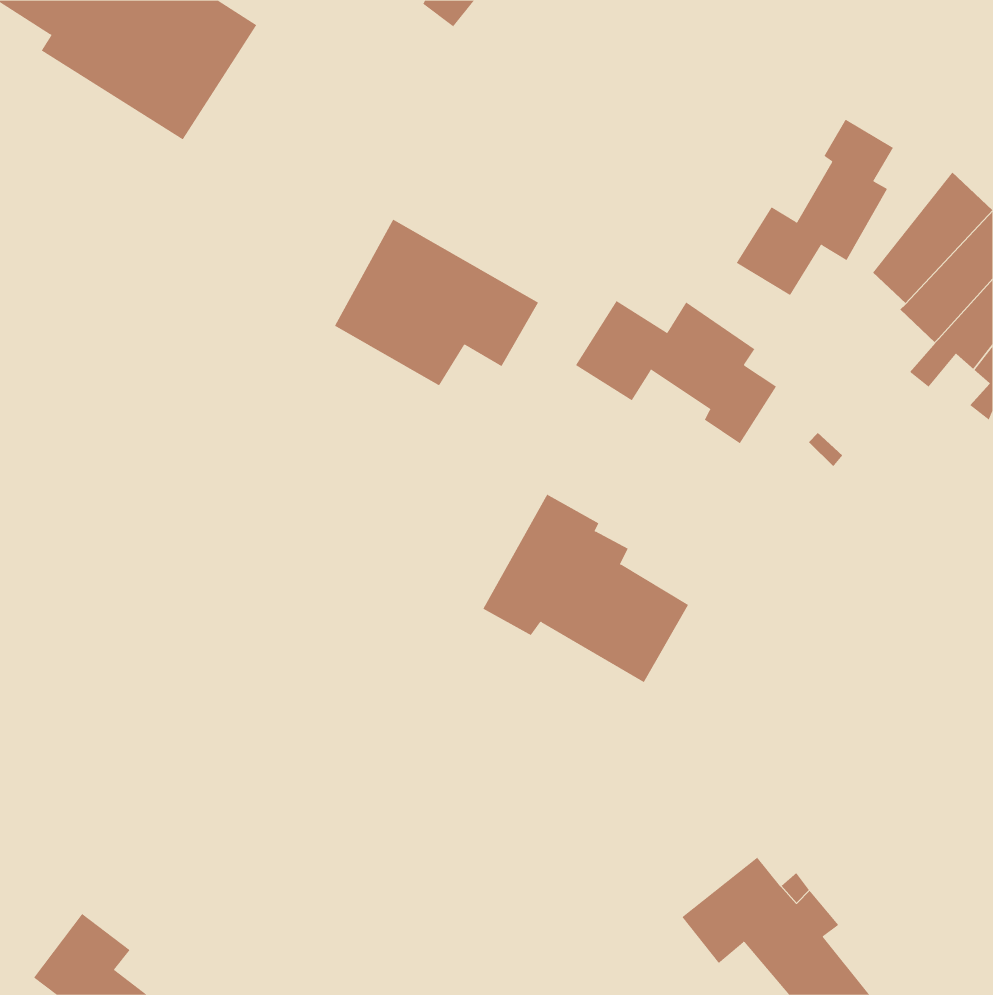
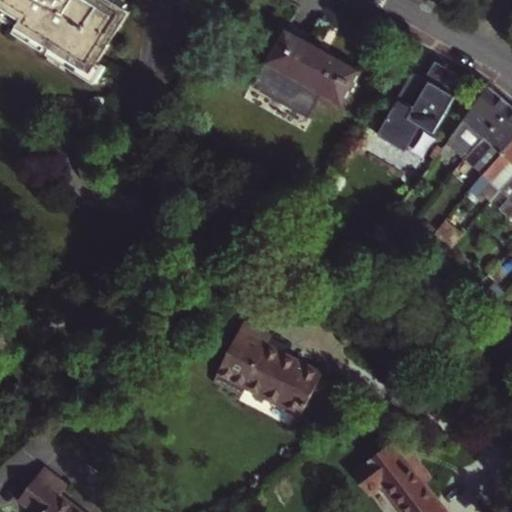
building: [334,219,539,386] -> [255,29,360,115]
building: [575,300,777,444] -> none
building: [482,494,689,683] -> [211,323,317,420]

